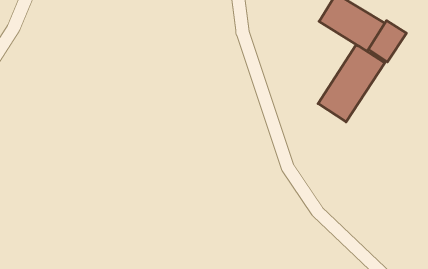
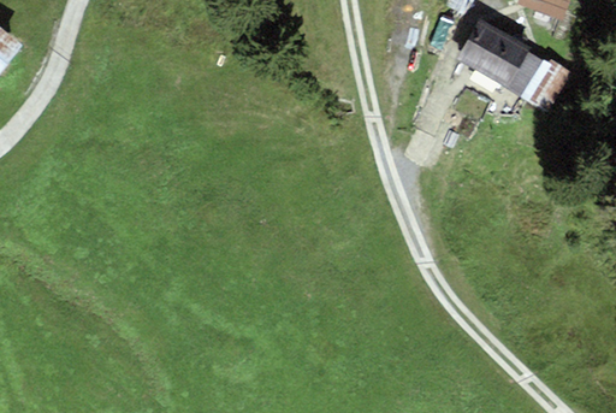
building: [318,45,385,122] -> none

